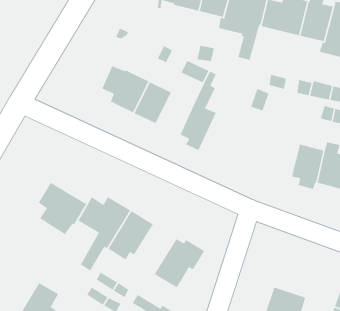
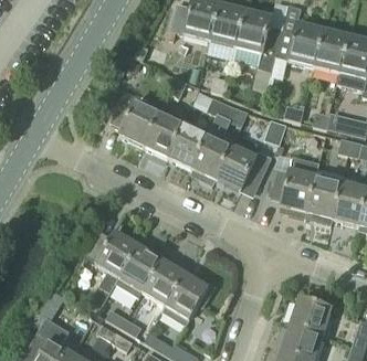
building: none -> [167,124,207,168]
building: none -> [214,145,269,190]
building: none -> [269,157,318,216]
building: [38,182,87,235] -> none
building: none -> [145,259,188,306]
building: none -> [289,297,332,335]

